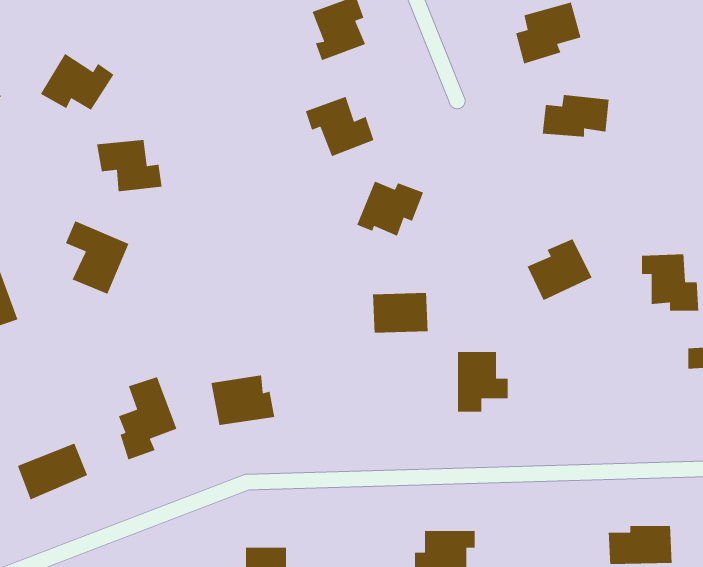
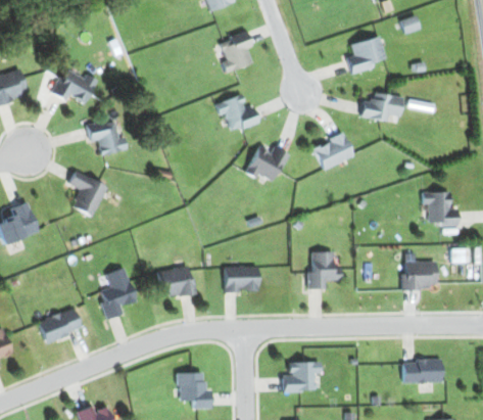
building: [527,238,593,301] -> [313,131,354,170]
building: [372,292,429,333] -> [225,266,259,291]
building: none -> [403,262,437,288]

